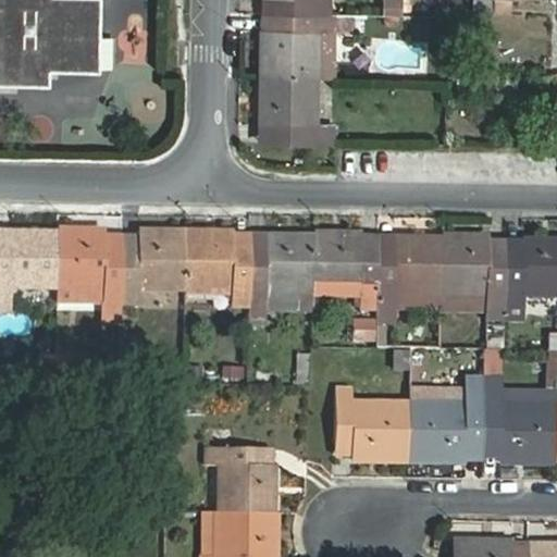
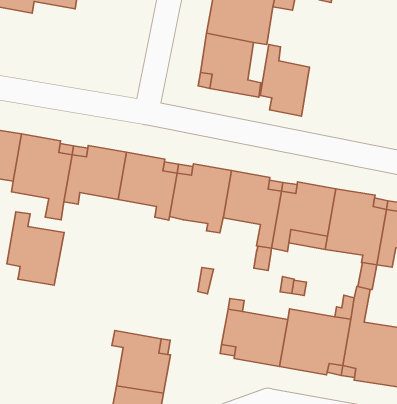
building: none -> [260,45,309,116]
building: none -> [7,212,64,285]

